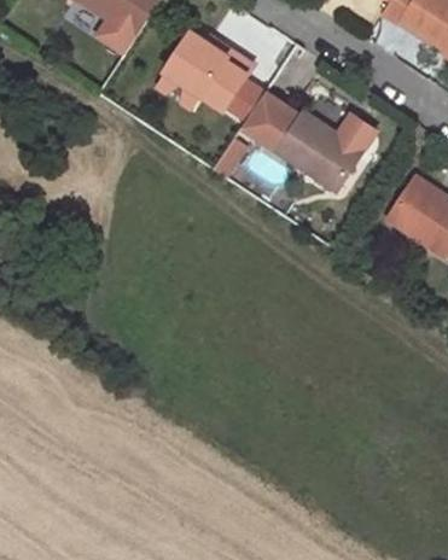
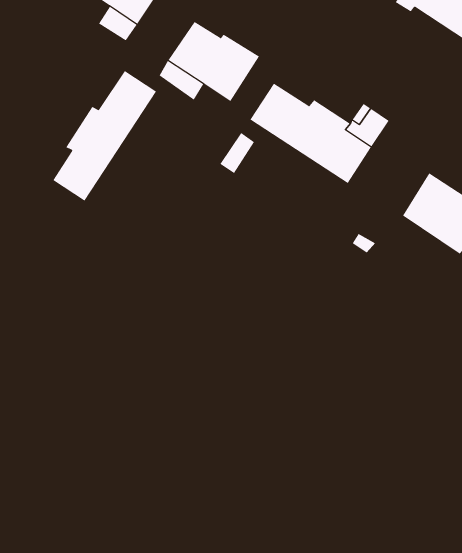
building: none -> [52,70,157,202]

